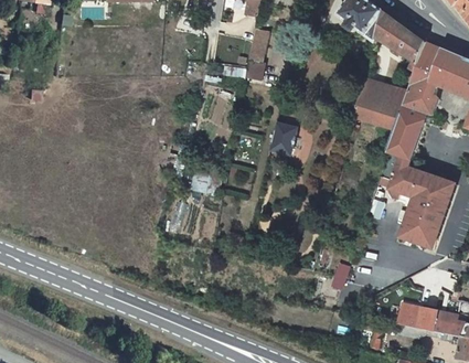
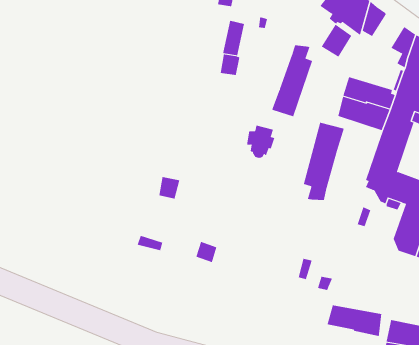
building: [385,22,414,53] -> [321,24,352,57]
building: none -> [271,44,313,117]
building: none -> [303,122,344,201]
building: none -> [327,304,382,337]

